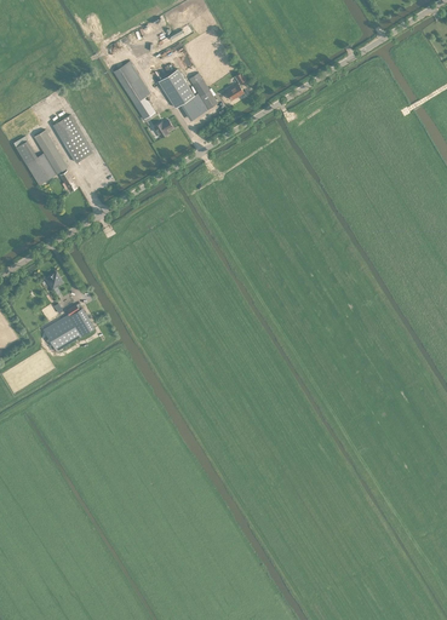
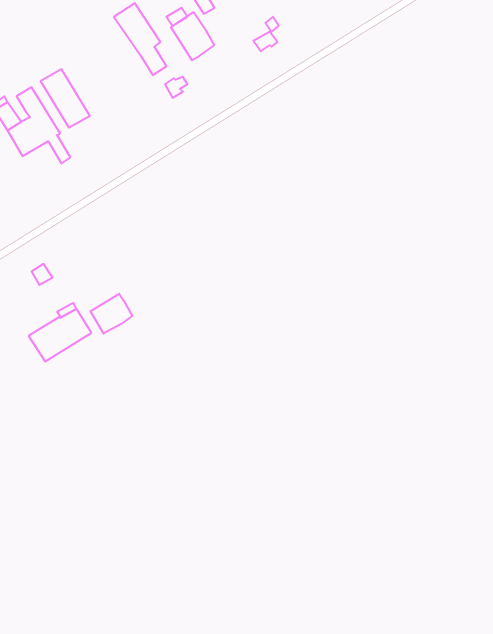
building: [180,73,217,119] -> none
building: none -> [90,294,132,334]

